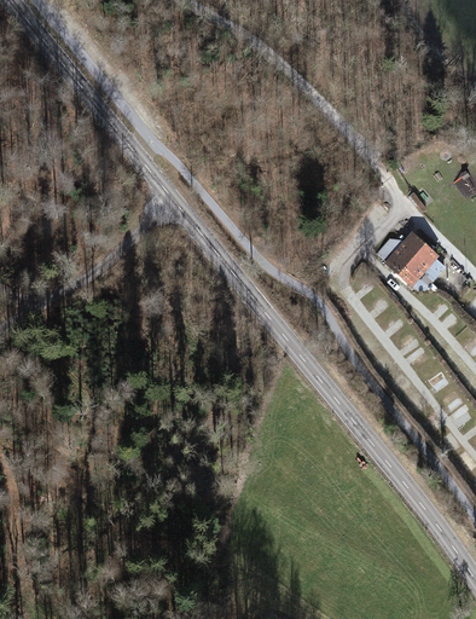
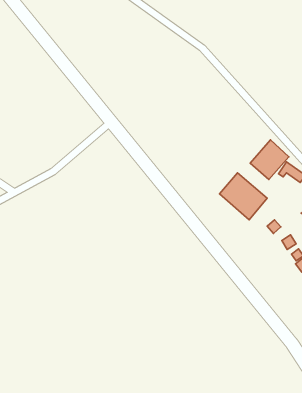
building: none -> [220,173,267,220]

